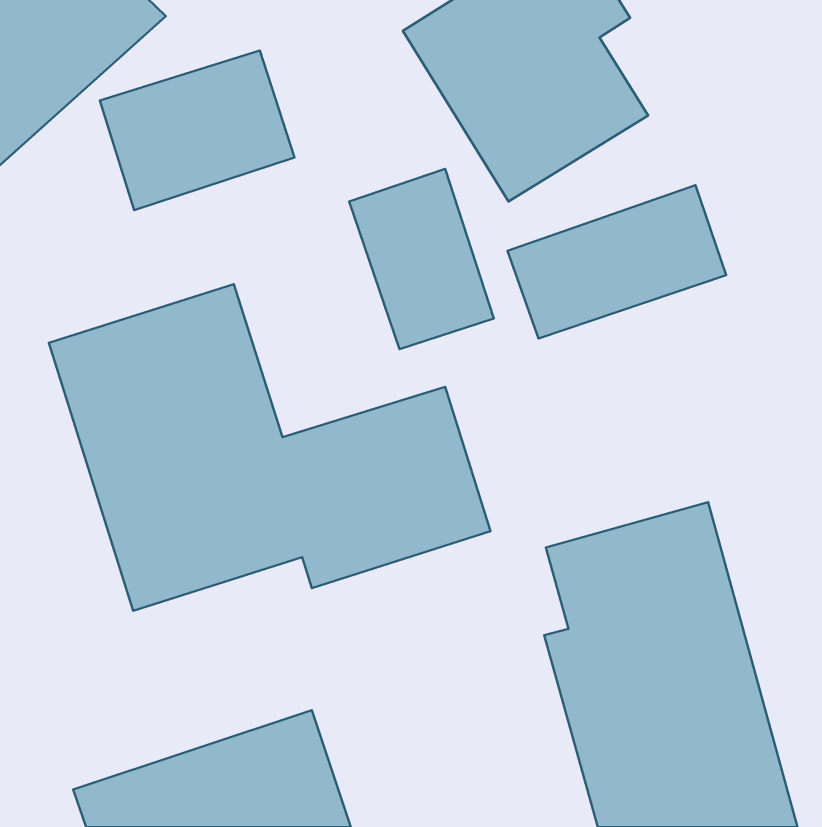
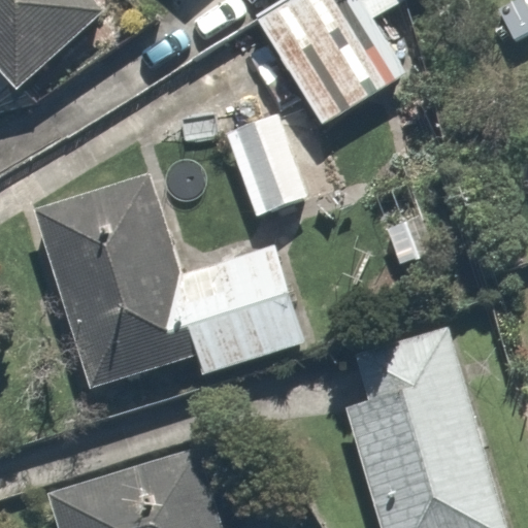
building: [100,50,295,210] -> none
building: [507,185,726,339] -> none

